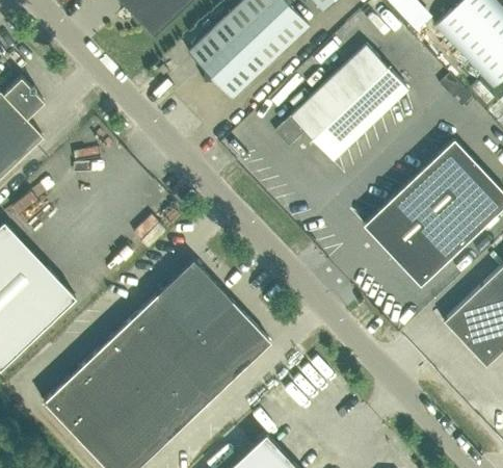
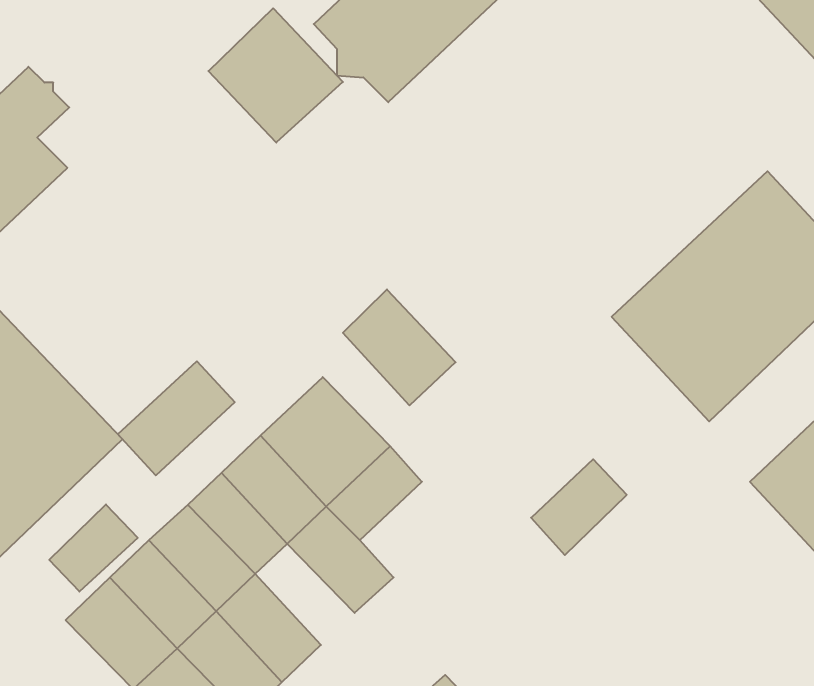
building: none -> [208,8,343,143]
building: [274,45,409,162] -> none
building: none -> [343,289,456,405]
building: none -> [118,361,235,475]
building: [215,321,271,378] -> [531,459,627,555]
building: none -> [49,504,138,592]
building: [154,358,212,417] -> none

